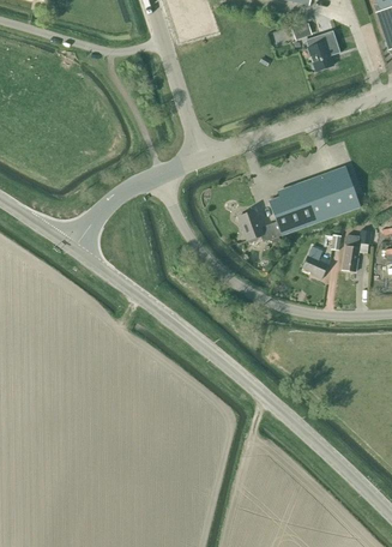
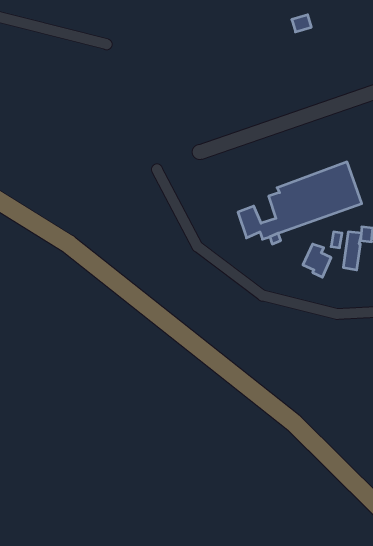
building: [304,30,339,70] -> none

